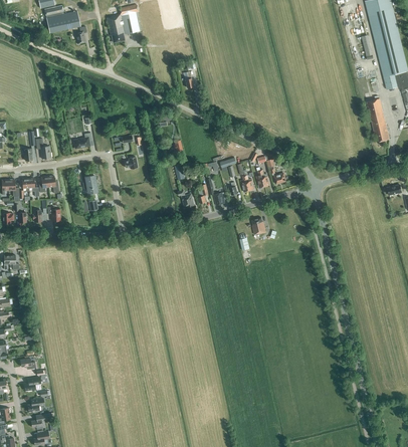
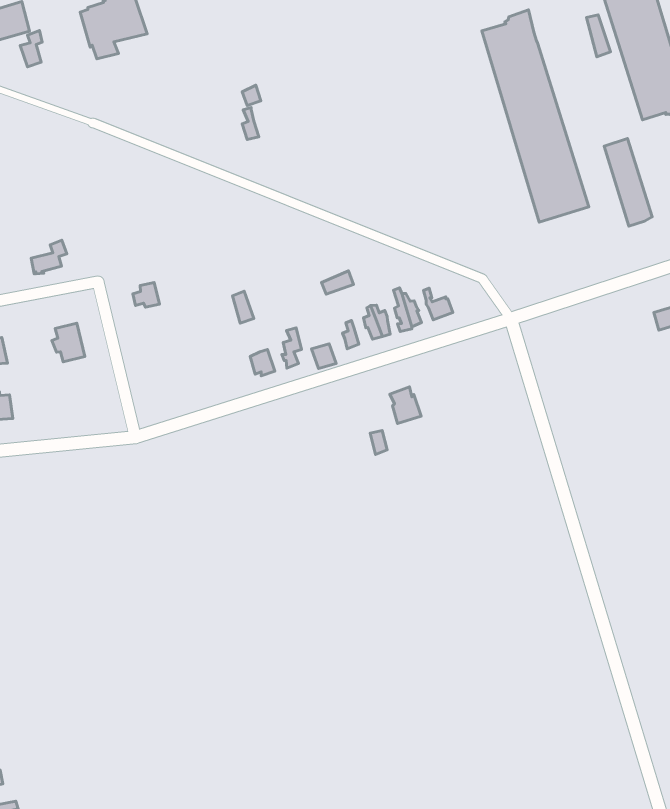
building: none -> [482,10,589,222]

